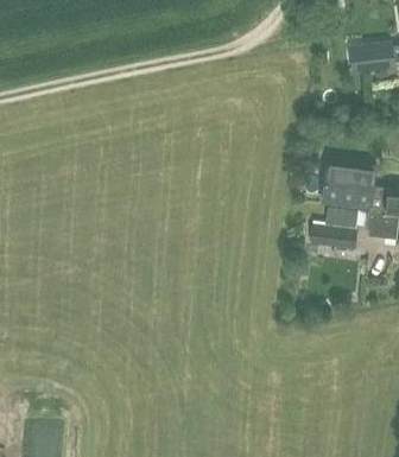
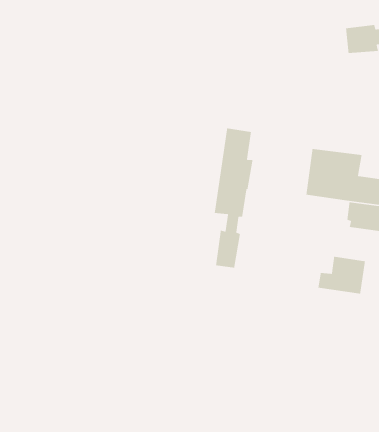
building: none -> [214,127,253,269]
building: [310,212,356,249] -> [318,256,366,294]

